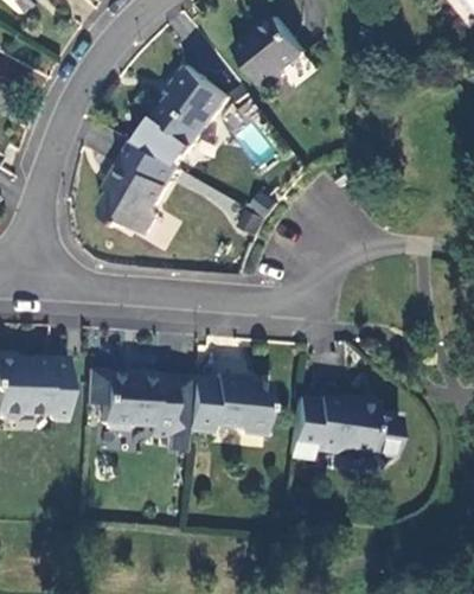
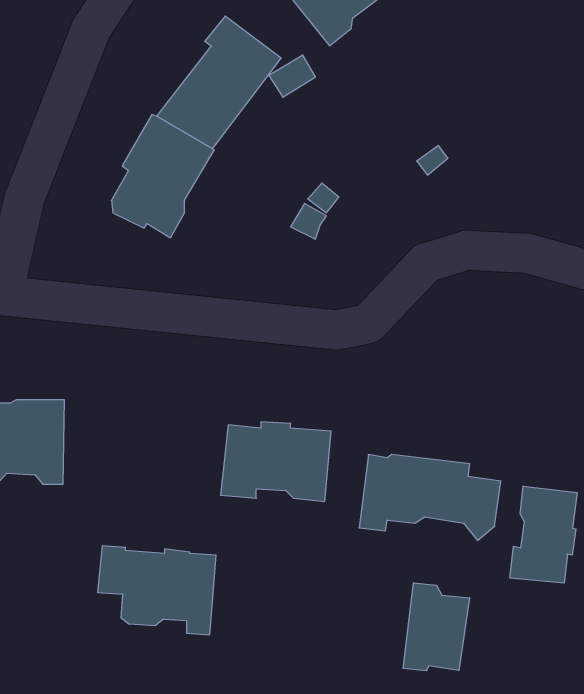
building: [82,368,172,435] -> [98,546,216,635]
building: none -> [510,486,577,583]
building: none -> [403,583,470,671]

